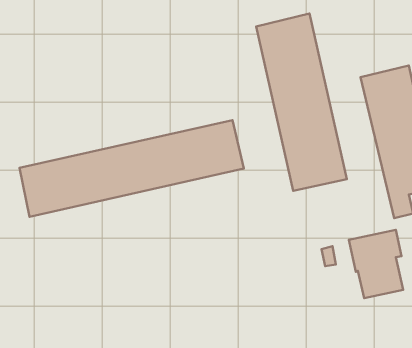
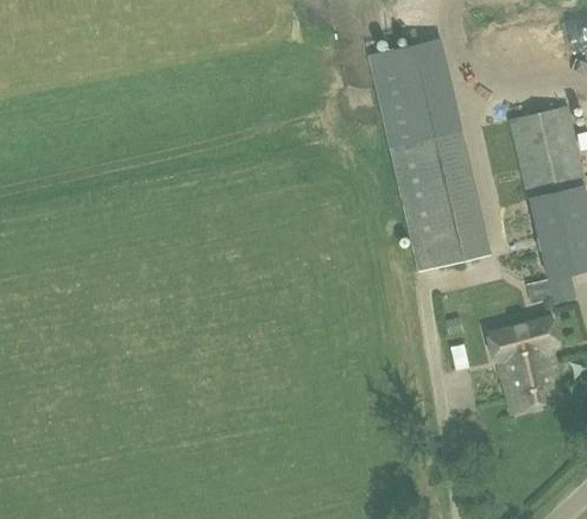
building: [19,120,244,217] -> none

